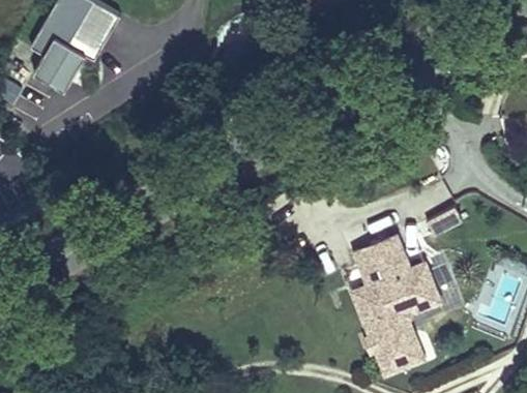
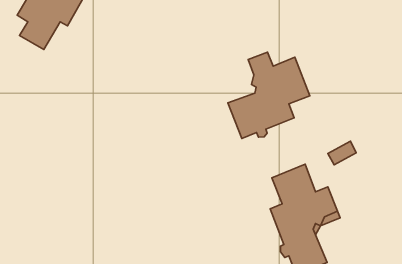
building: none -> [228,52,310,138]

